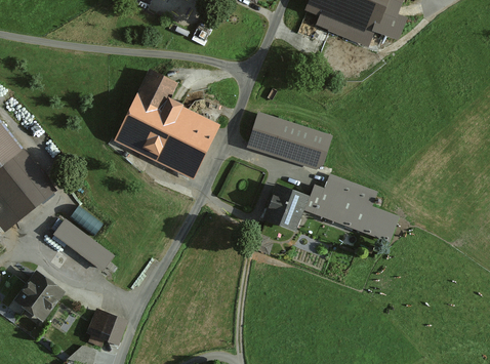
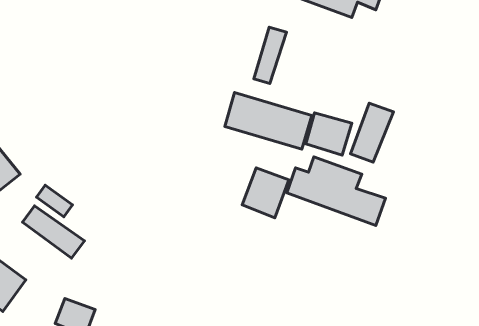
building: none -> [254,27,286,83]
building: [117,71,215,173] -> none
building: none -> [351,103,394,162]
building: none -> [306,113,352,155]

